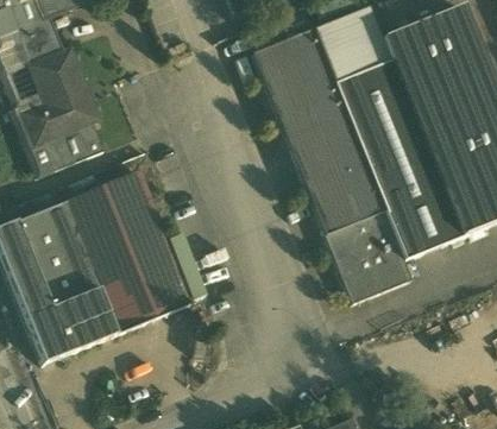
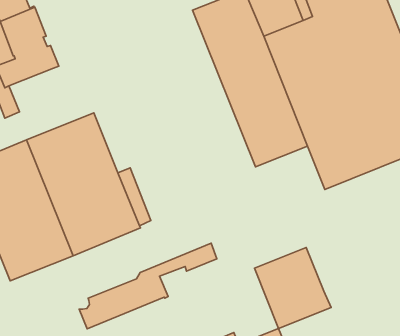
building: [42,119,105,169] -> none
building: [325,208,413,301] -> [255,248,331,328]
building: none -> [79,243,217,329]

